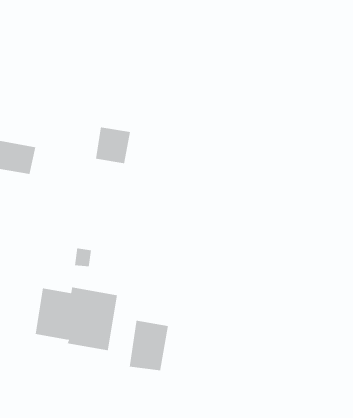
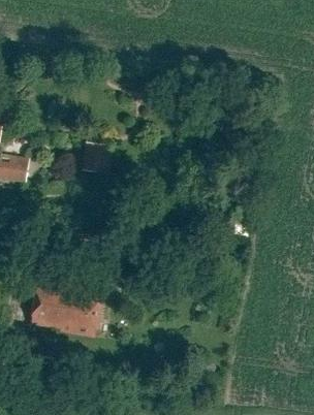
building: [129,320,168,371] -> none

